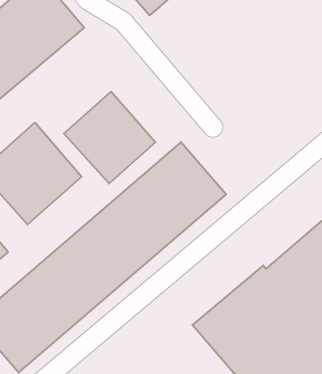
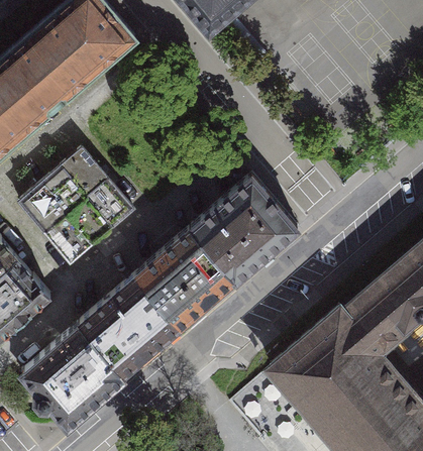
building: [64,92,155,184] -> none

